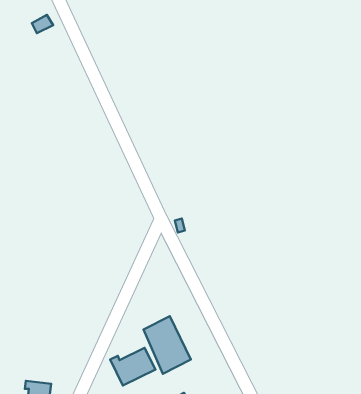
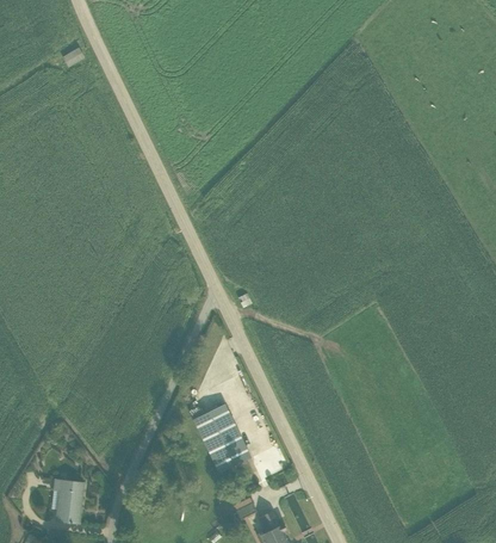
building: [110,348,156,385] -> none

